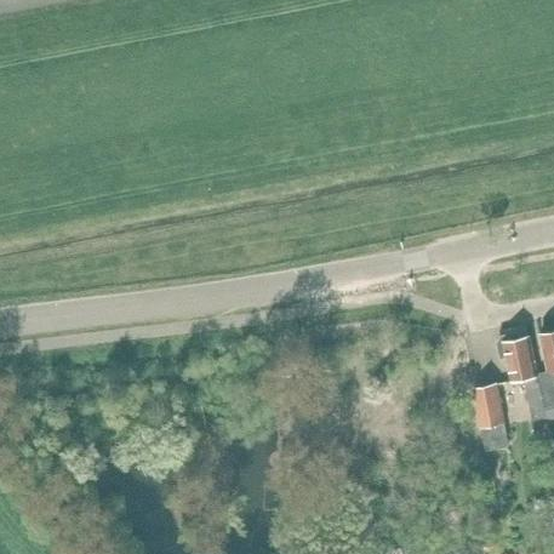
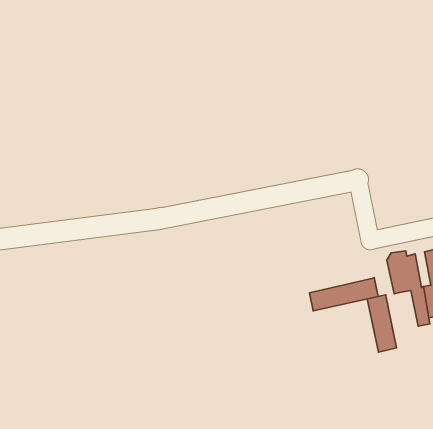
building: none -> [310,278,378,311]

